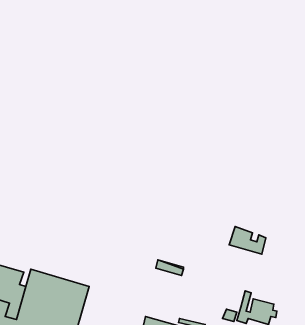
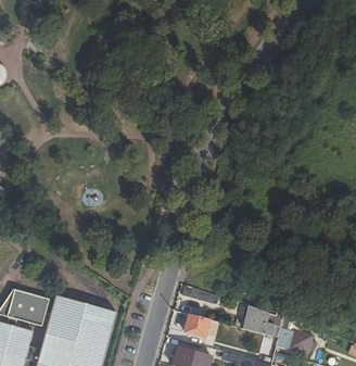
building: [229,227,266,254] -> [243,307,282,337]
building: none -> [183,314,209,338]

